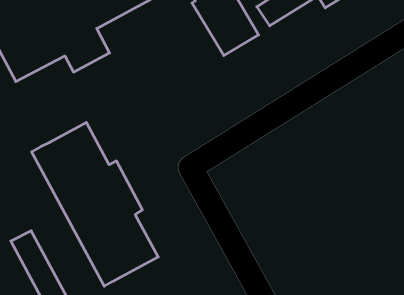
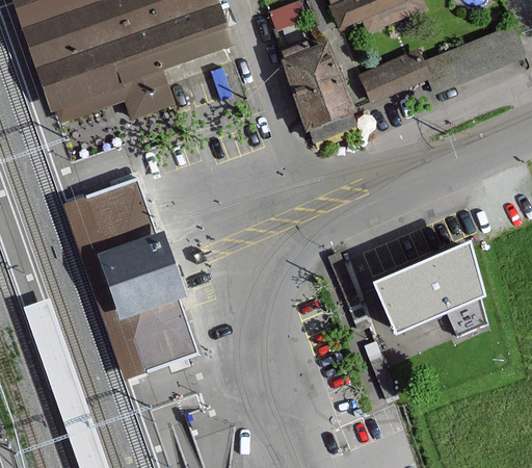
building: none -> [375,241,485,333]

